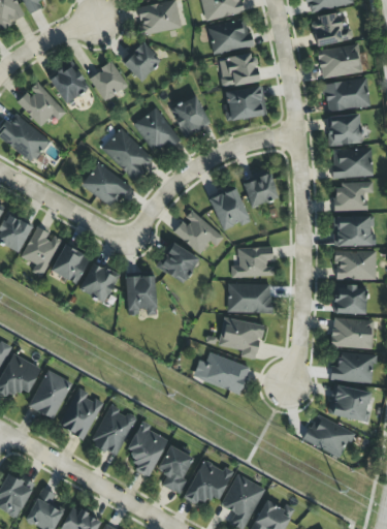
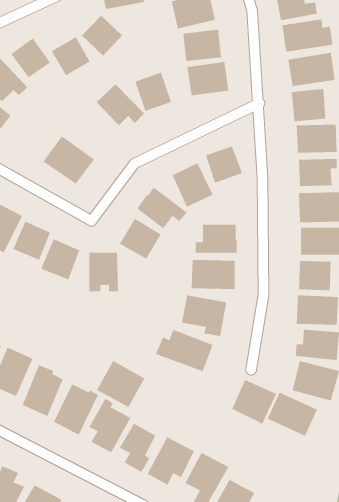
building: [101,127,155,181] -> none
building: none -> [96,360,145,408]
building: none -> [231,379,277,425]

